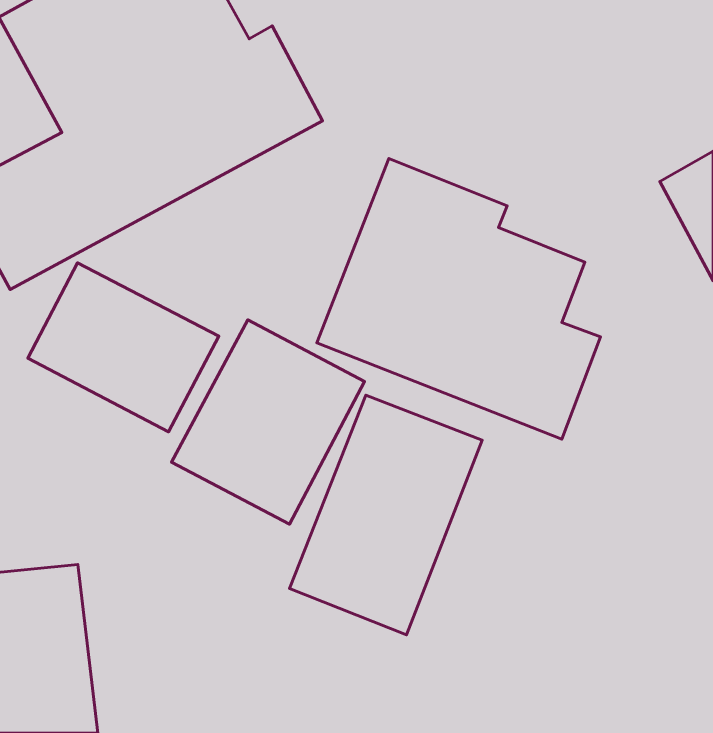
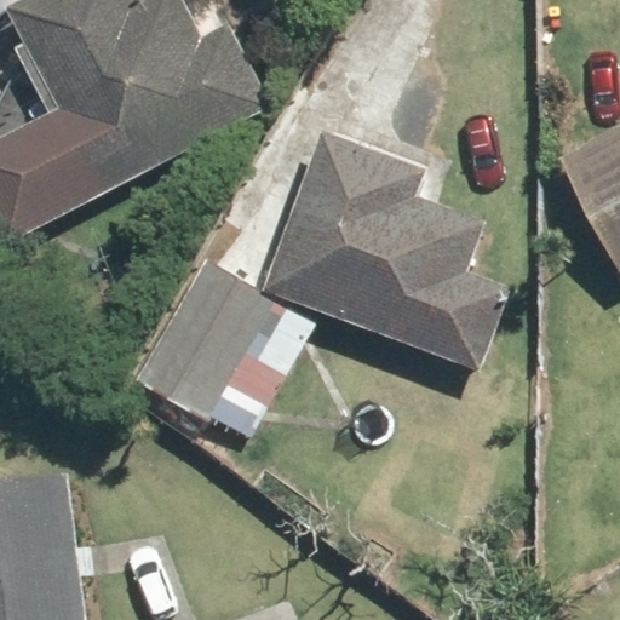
building: [28,263,219,432] -> none
building: [290,395,482,635] -> none

